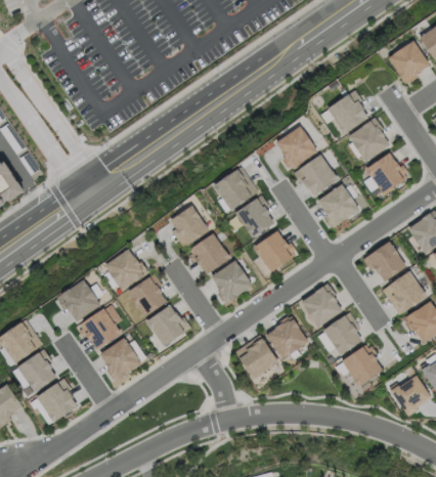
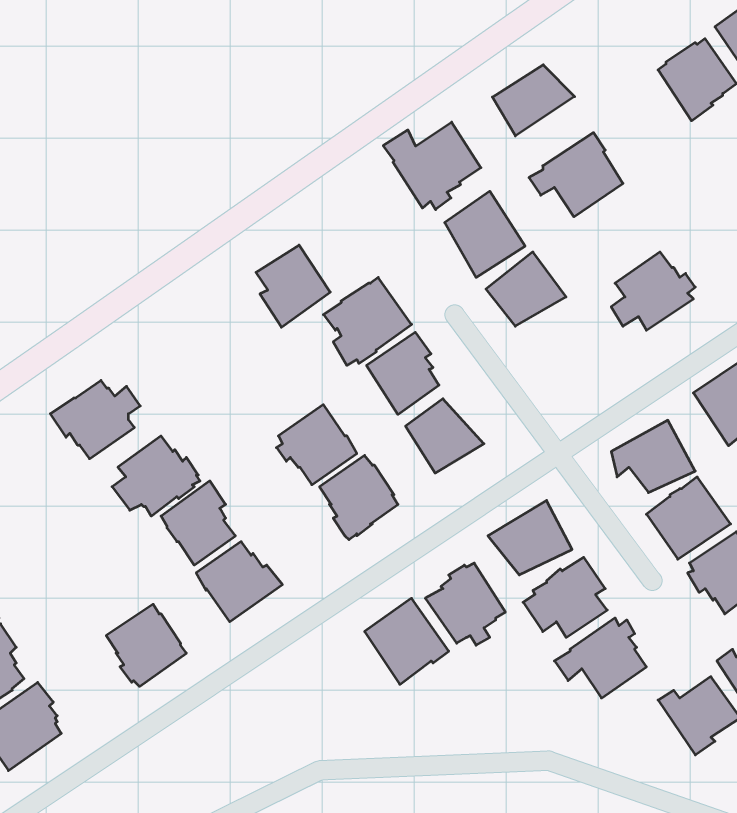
building: none -> [492,65,575,136]
building: none -> [383,122,481,210]
building: [348,119,389,161] -> none
building: [317,184,358,228] -> none
building: [170,206,209,249] -> [256,245,330,327]
building: [56,280,103,321] -> [50,380,140,459]
building: [77,304,122,350] -> none

